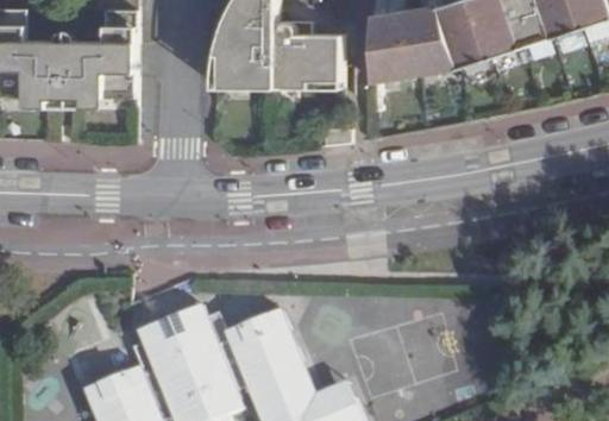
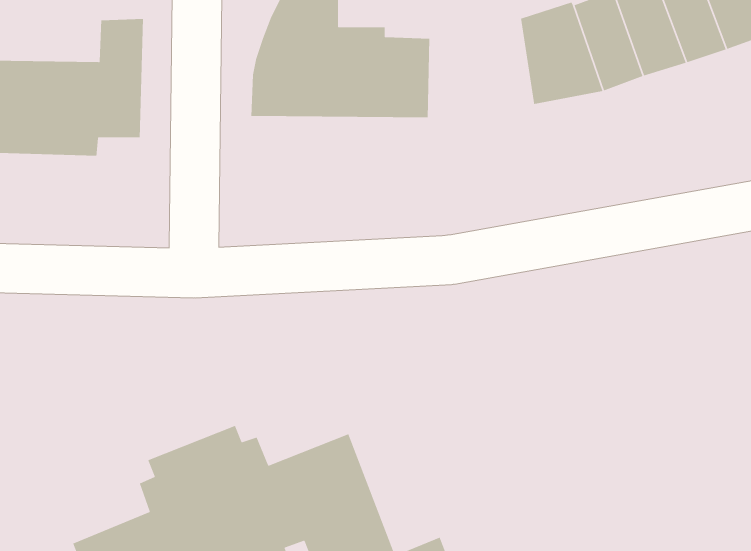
building: [368,13,413,82] -> none

